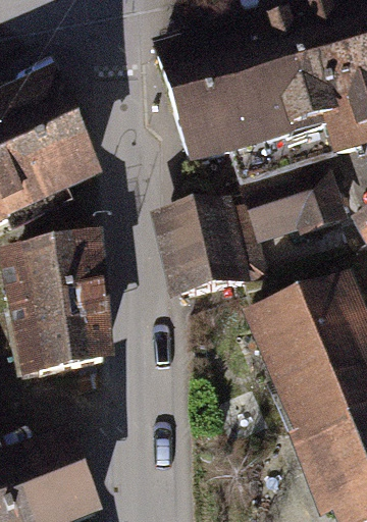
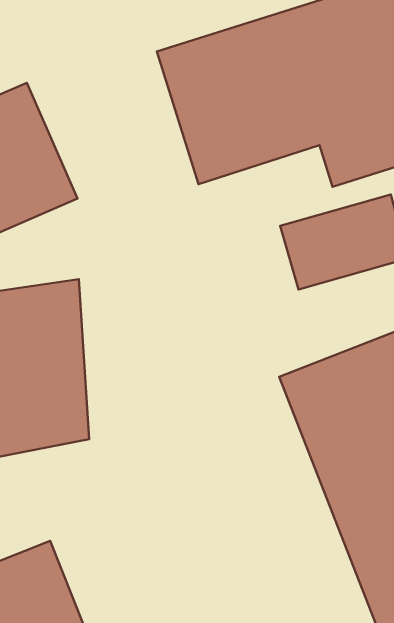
building: [165,195,268,300] -> none

